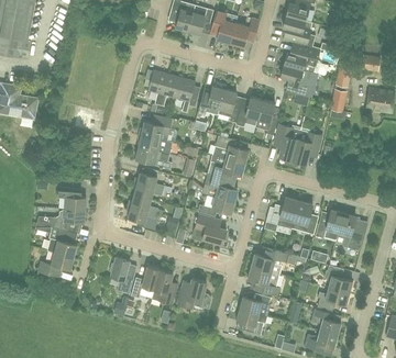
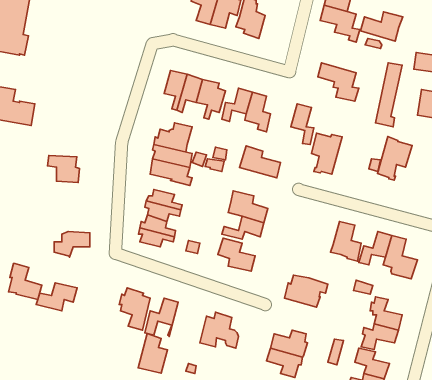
building: [229,16,258,46] -> none
building: [283,47,319,72] -> [361,12,403,41]
building: [234,96,262,126] -> none
building: [292,127,321,165] -> [377,137,412,180]
building: [207,154,244,178] -> none
building: [57,187,85,210] -> [47,156,79,182]
building: [265,197,298,228] -> none
building: [47,226,76,257] -> [8,264,42,299]
building: [246,266,278,295] -> none
building: [152,269,177,303] -> [138,333,168,373]

